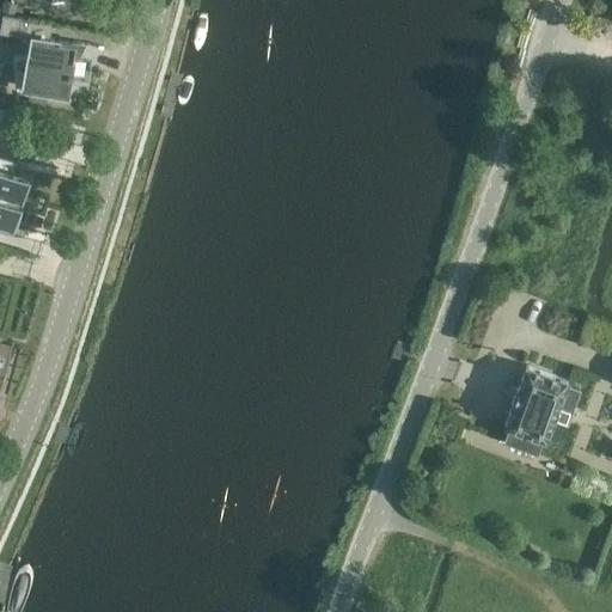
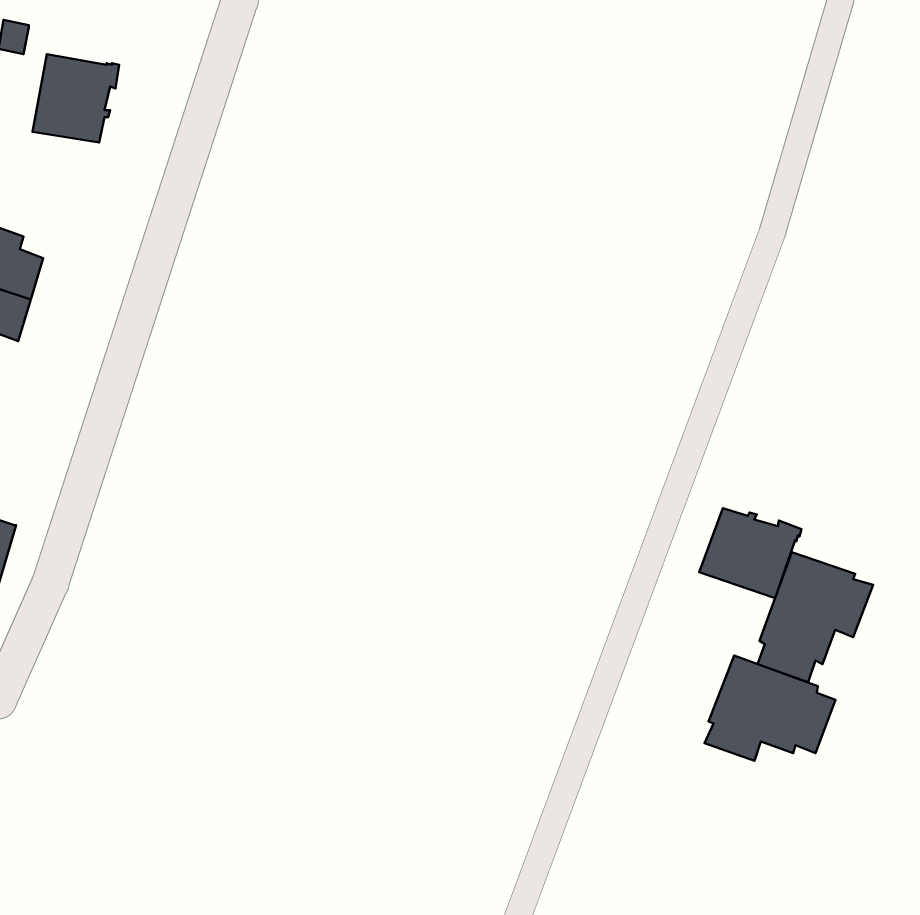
building: none -> [699,508,801,598]
building: none -> [705,656,835,761]

